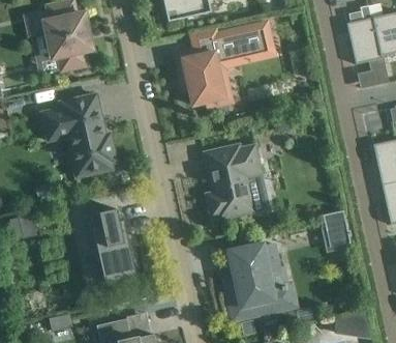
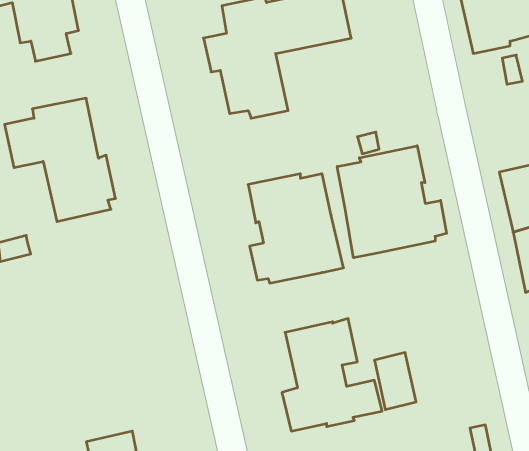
building: none -> [337,146,447,258]
building: [83,208,142,285] -> none
building: [323,209,351,248] -> [374,353,416,410]

